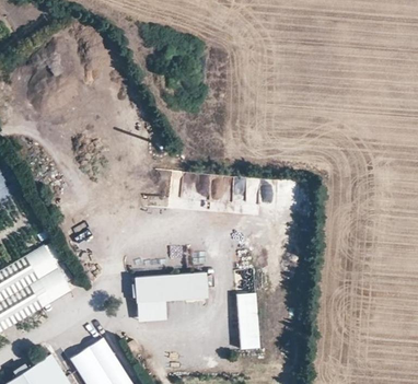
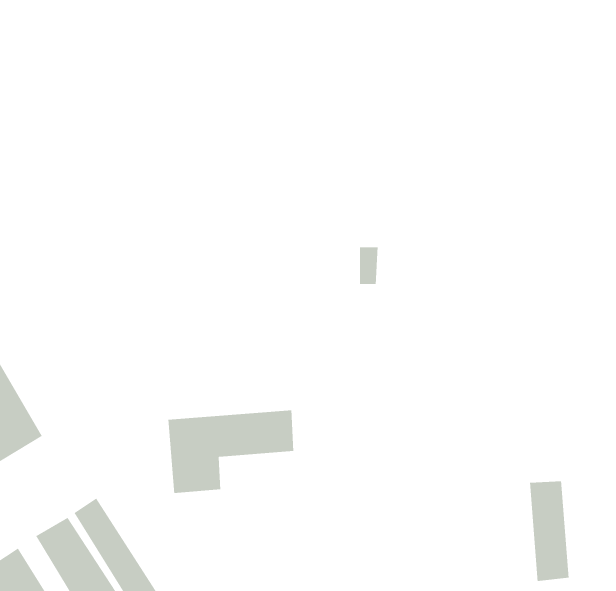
building: [237,293,260,351] -> [529,480,569,582]

